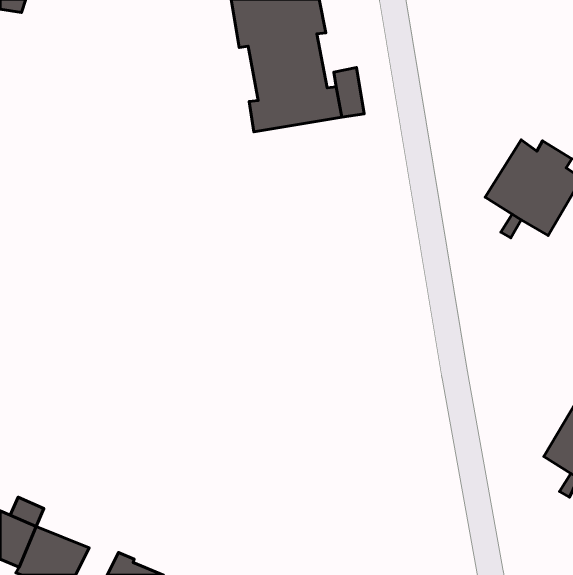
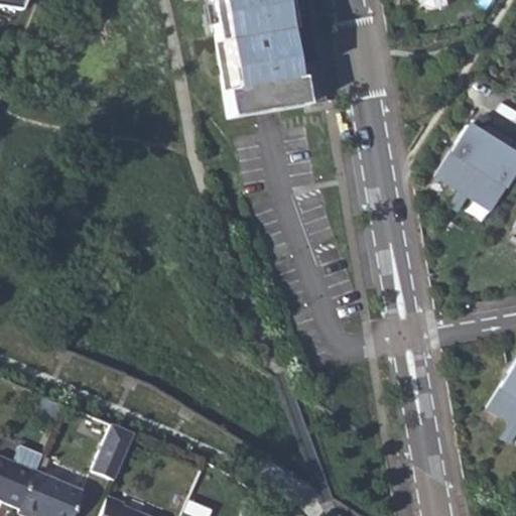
building: none -> [93,423,134,480]

